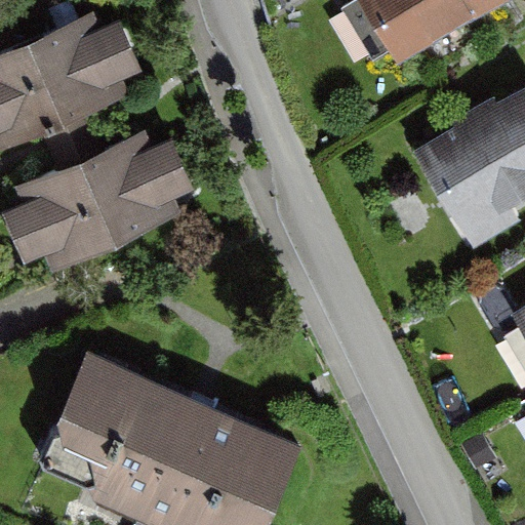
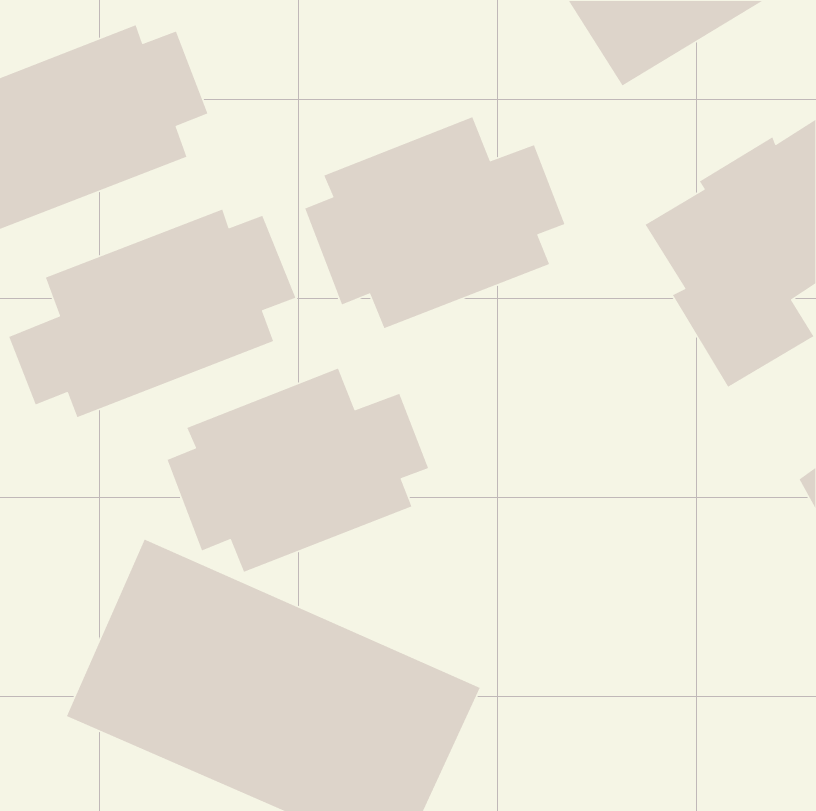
building: none -> [304,116,565,329]
building: none -> [166,368,429,573]

